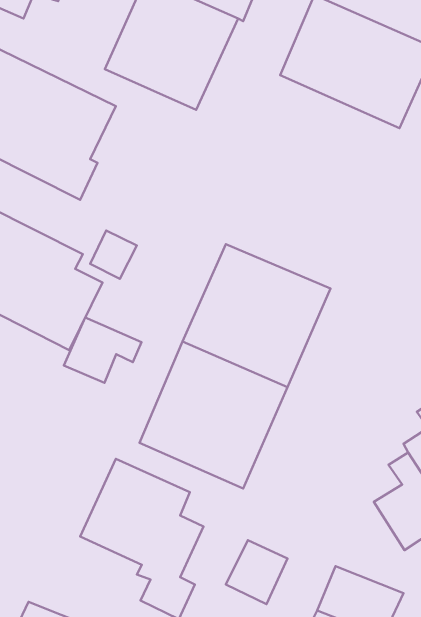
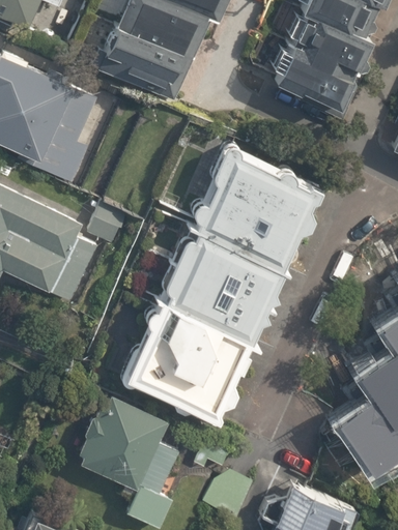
building: none -> [198,143,316,252]
building: [64,318,141,383] -> none

